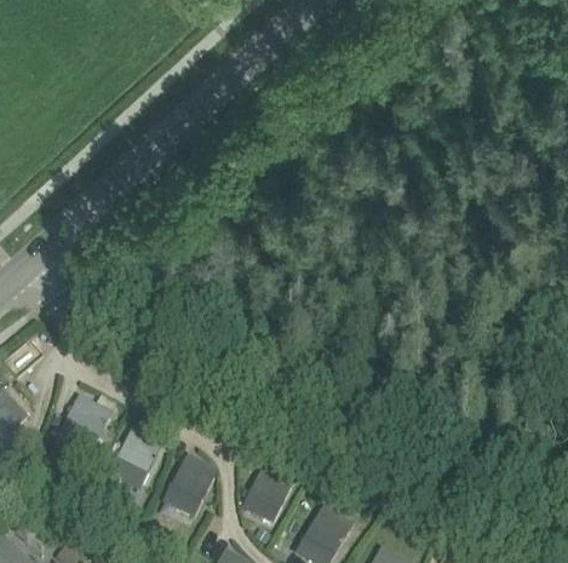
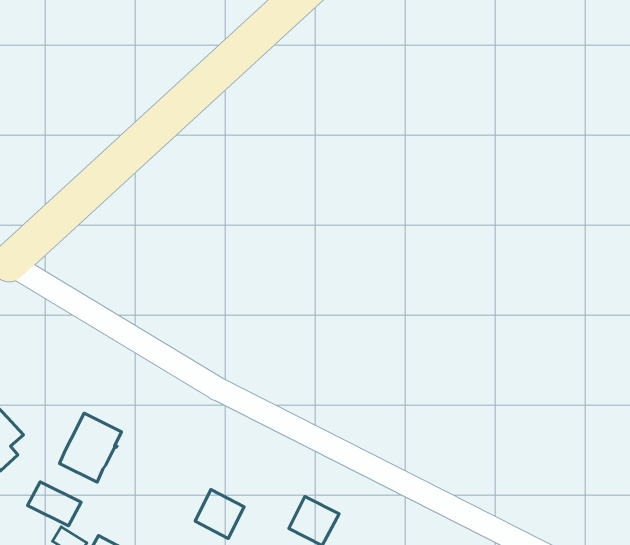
building: [115,433,159,477] -> none
building: none -> [28,482,81,526]

